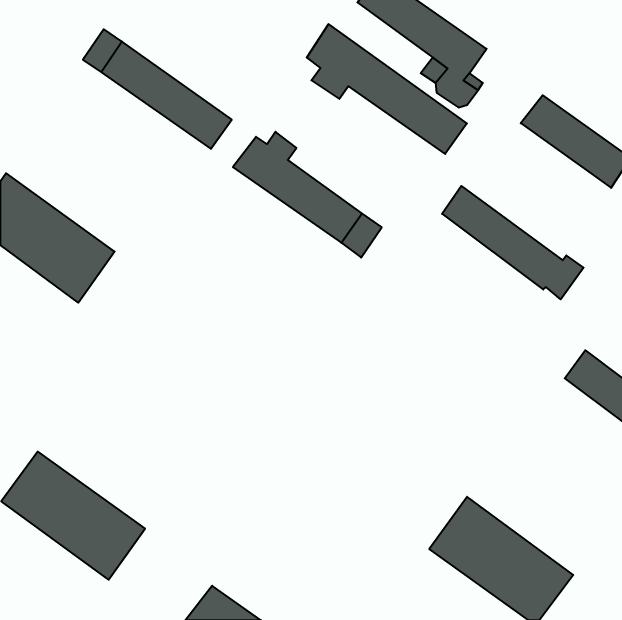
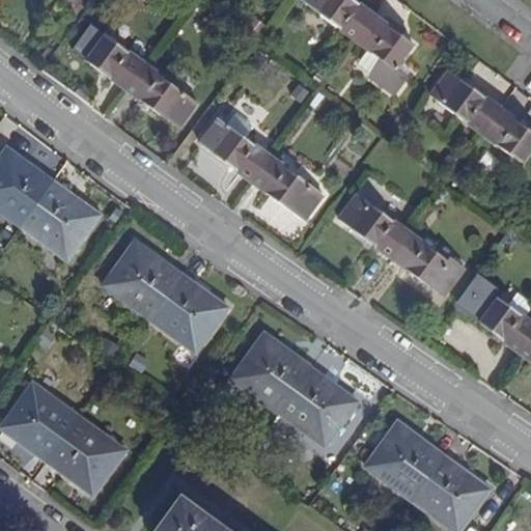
building: [307,24,467,154] -> none
building: [442,186,584,299] -> [343,196,464,292]
building: none -> [104,241,227,351]
building: none -> [458,273,505,322]
building: none -> [233,335,356,445]

